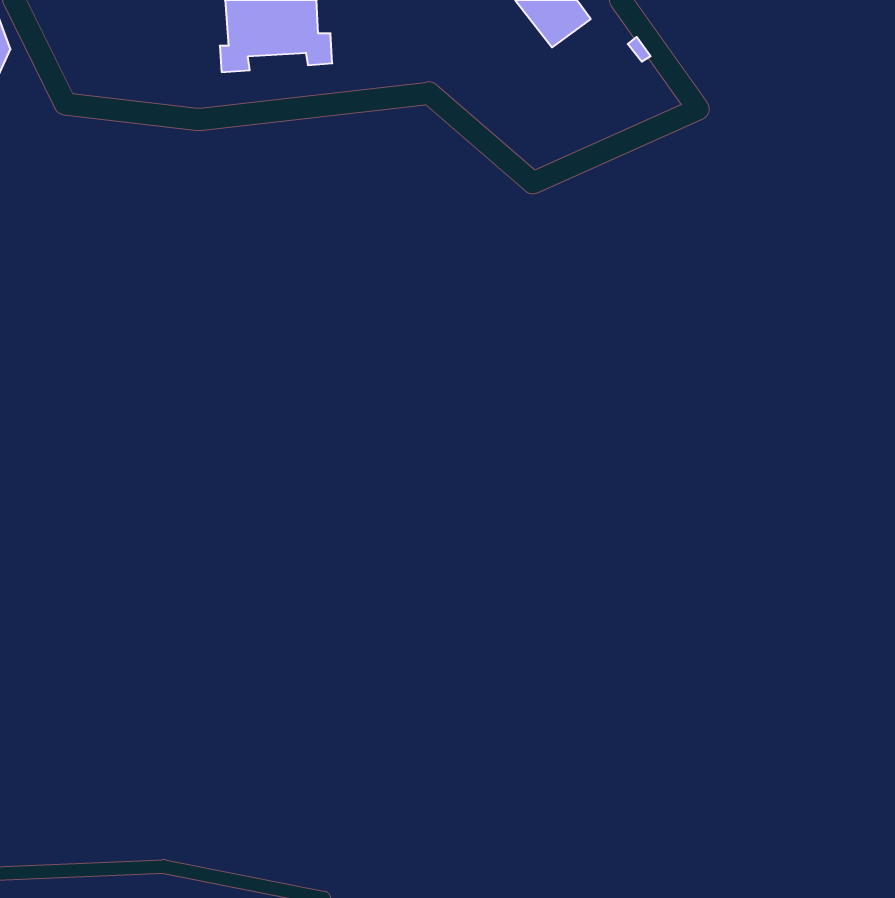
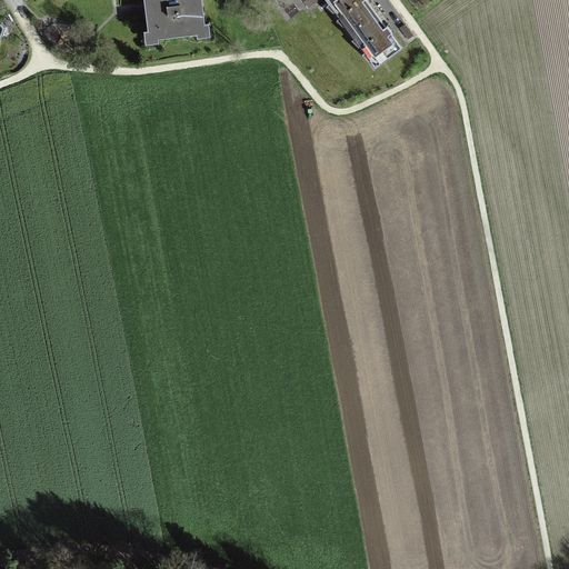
building: none -> [349,12,400,67]

